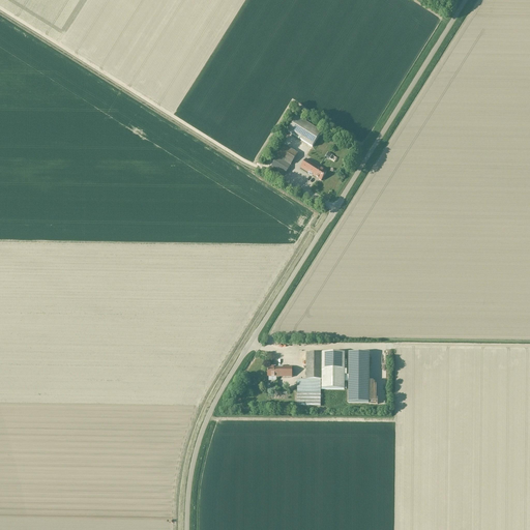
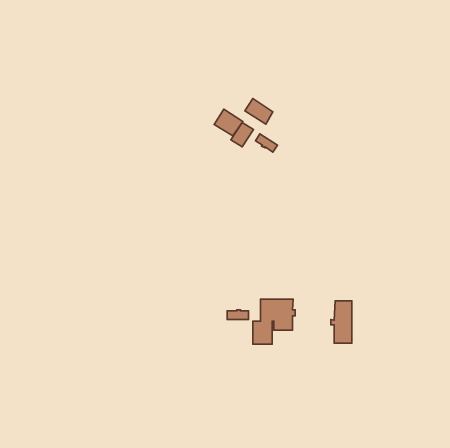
building: none -> [214,109,243,136]
building: [344,352,369,402] -> [331,301,352,343]

